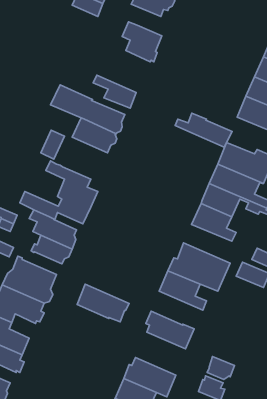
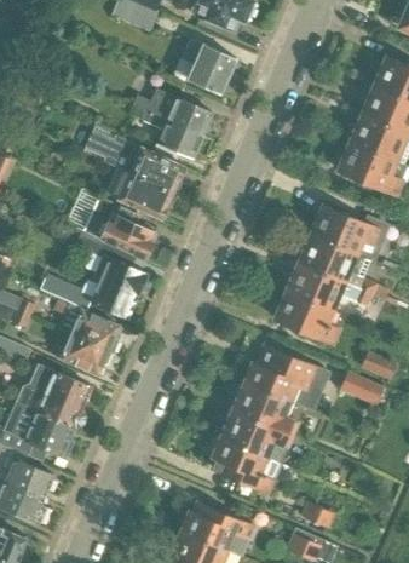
building: [175,113,232,147] -> [132,88,211,136]
building: none -> [90,205,155,259]
building: [77,284,129,322] -> [220,410,292,463]

